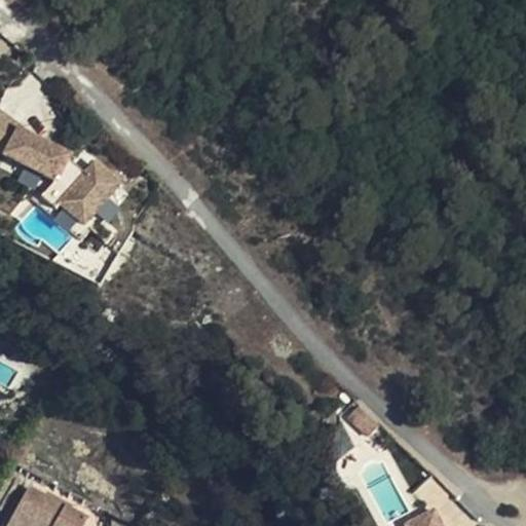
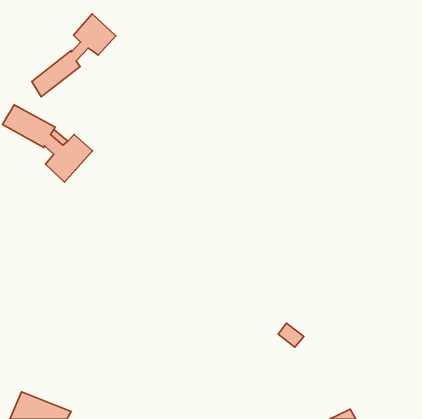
building: none -> [32,14,116,97]

